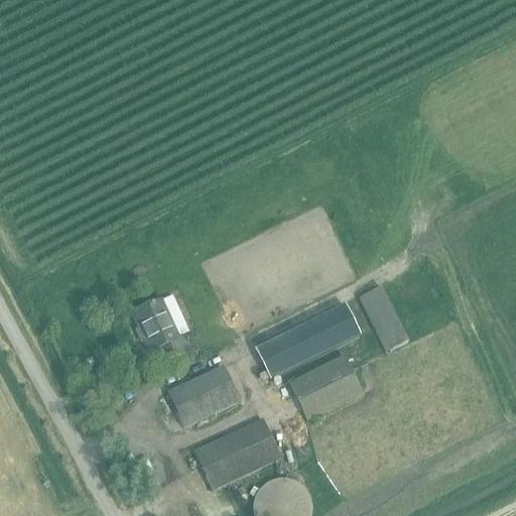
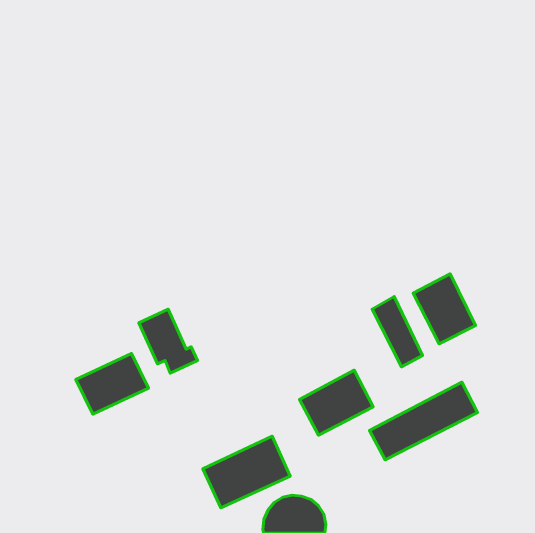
building: none -> [413,274,475,344]
building: [256,303,360,378] -> [369,382,478,460]
building: [169,367,239,425] -> [76,353,148,414]

